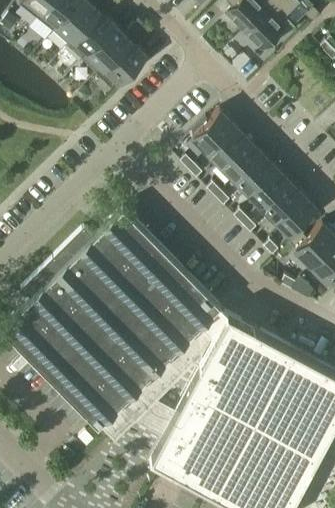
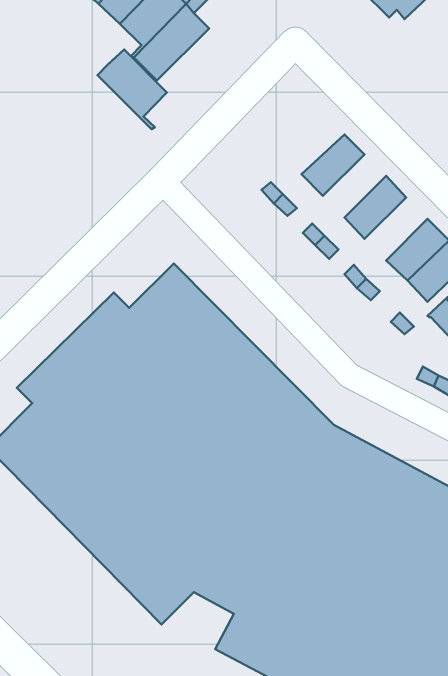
building: none -> [98,49,167,129]
building: [195,115,236,155] -> none
building: [222,142,263,183] -> none
building: [249,170,290,211] -> none

